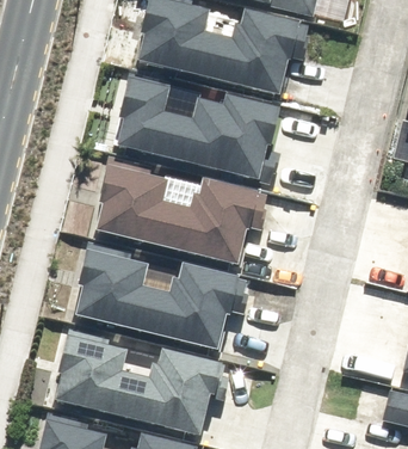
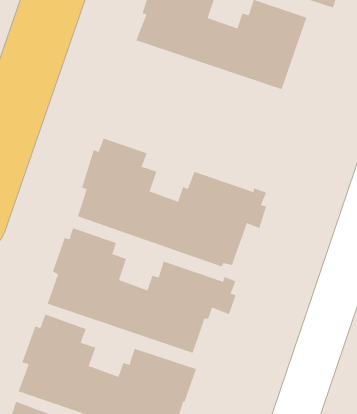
building: [117,70,279,180] -> none

